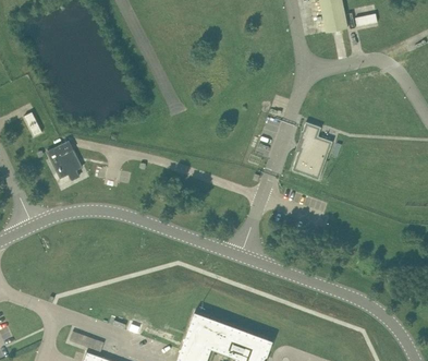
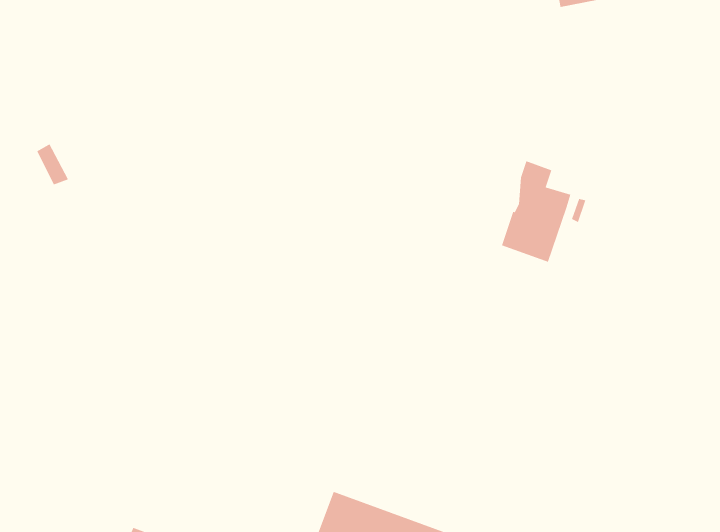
building: [46,143,81,182] -> none

